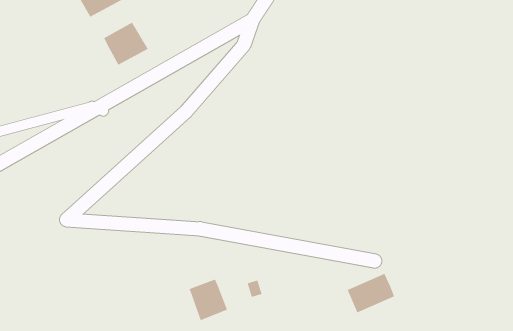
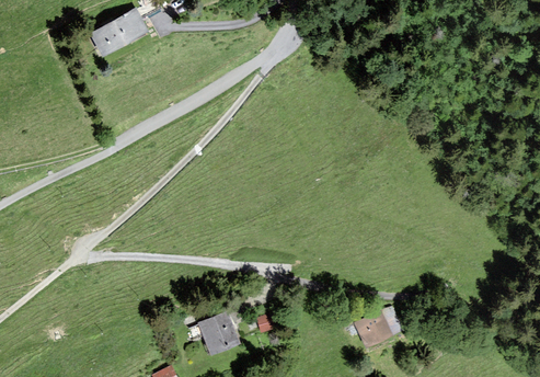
building: [103,22,149,65] -> none

